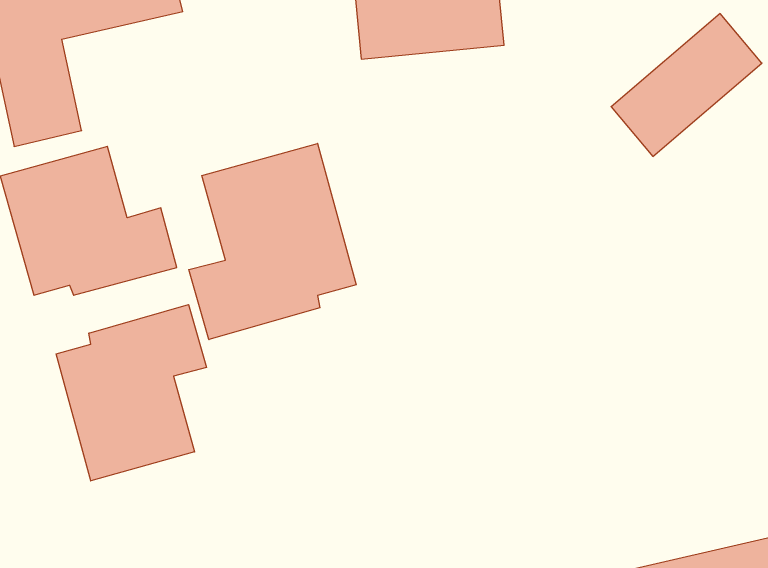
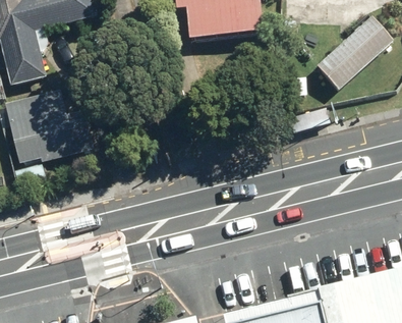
building: [189,143,356,340] -> none
building: [56,305,207,481] -> none

